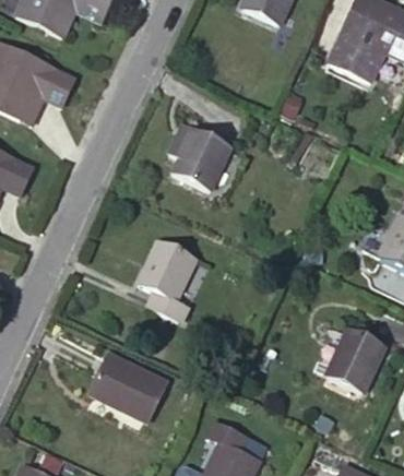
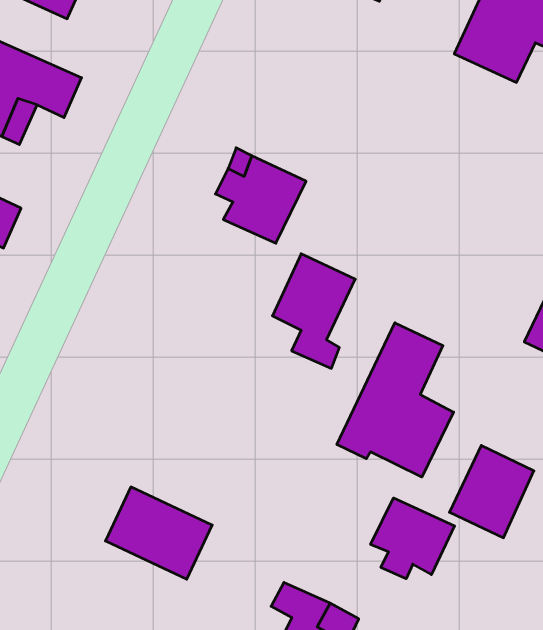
building: [138,241,194,320] -> [272,254,355,368]
building: none -> [337,323,454,477]
building: none -> [371,498,455,579]

